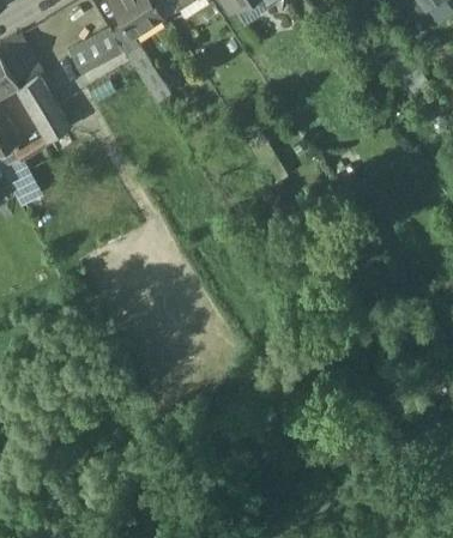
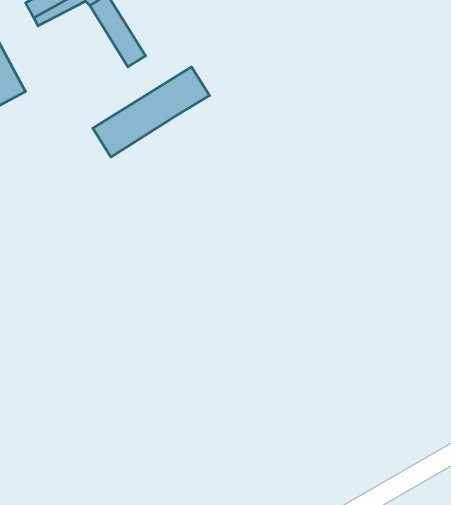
building: none -> [93,67,210,157]

